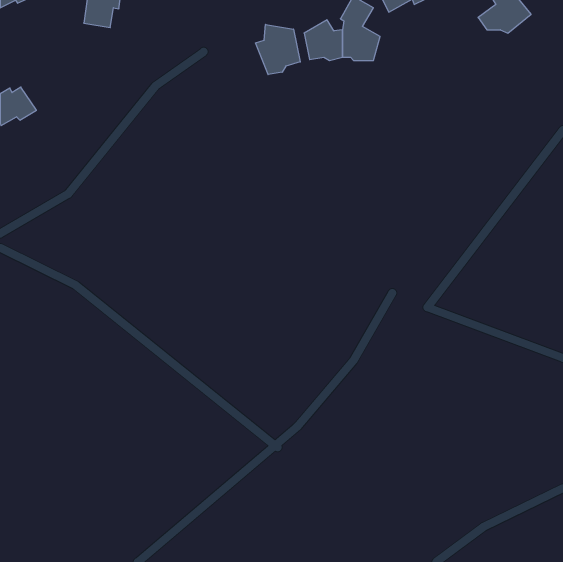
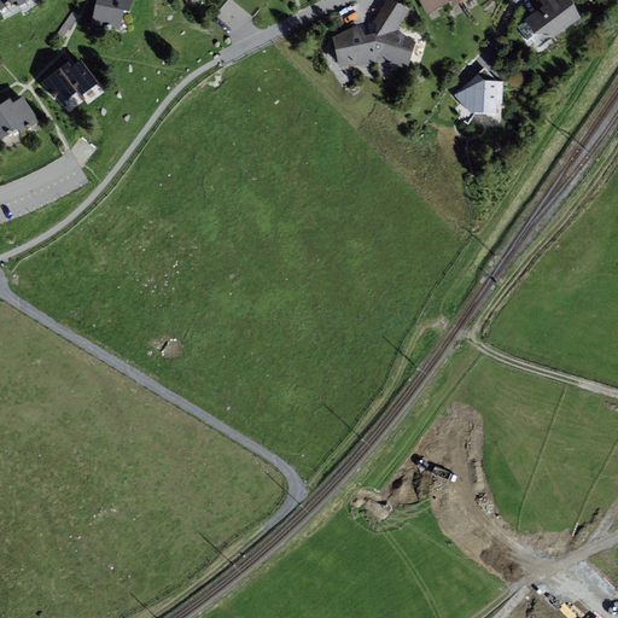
building: [255,24,300,75] -> none
building: none -> [42,58,99,103]
building: none -> [454,66,503,113]

